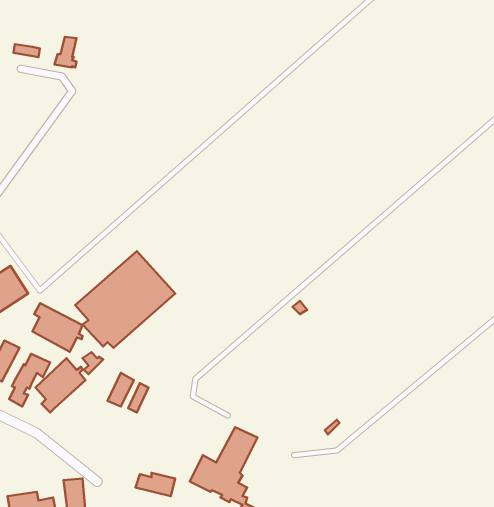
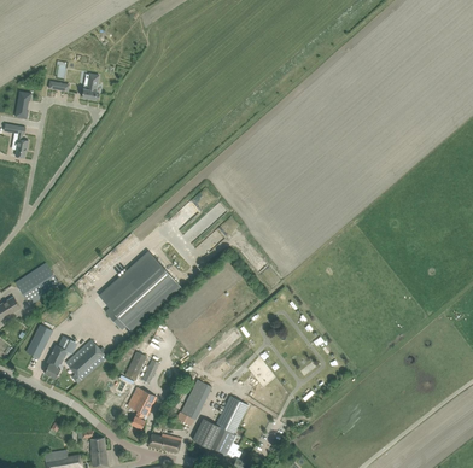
building: [32,303,83,352] -> none
building: none -> [177,380,211,425]
building: none -> [127,387,156,429]

